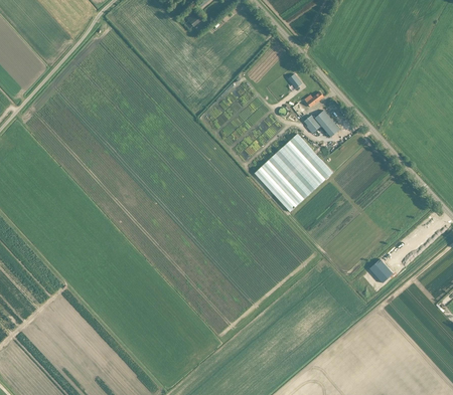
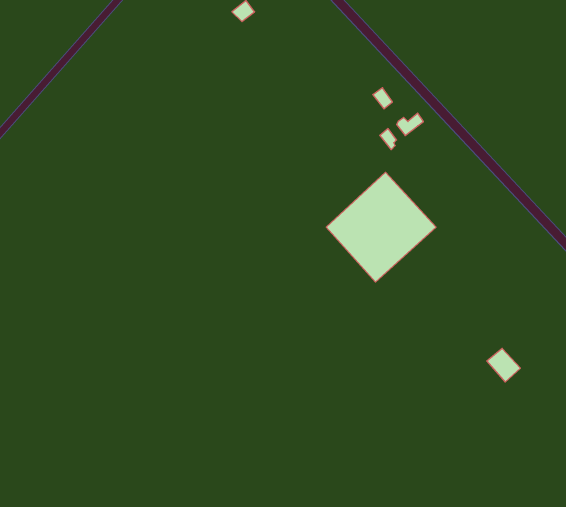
building: [304,111,340,137] -> none

